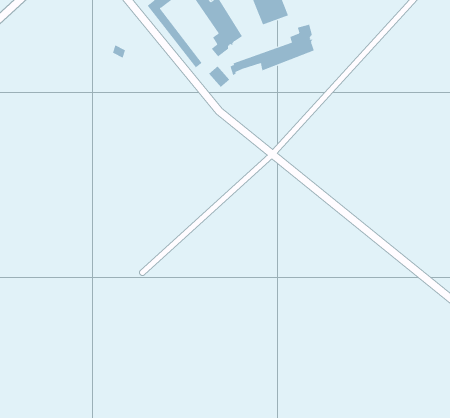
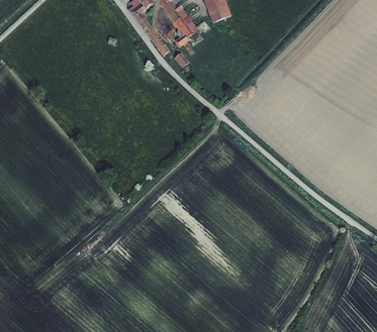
building: [230,24,315,76] -> none

